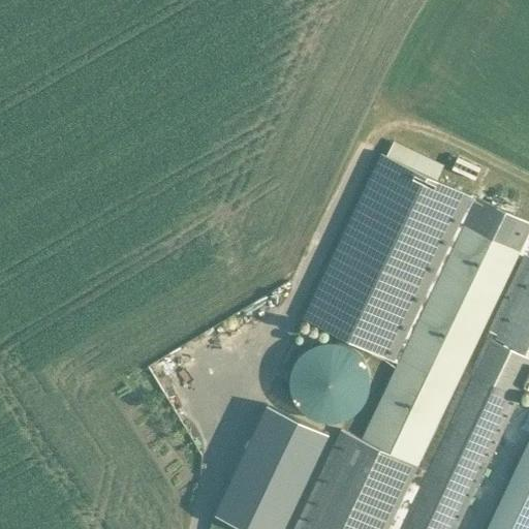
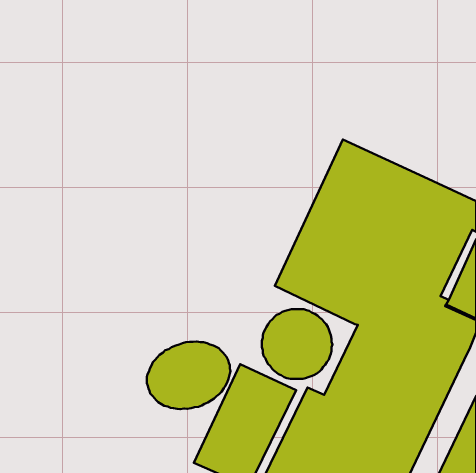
building: none -> [147,341,231,409]

